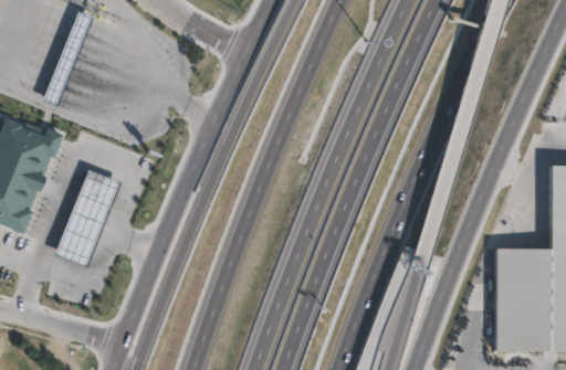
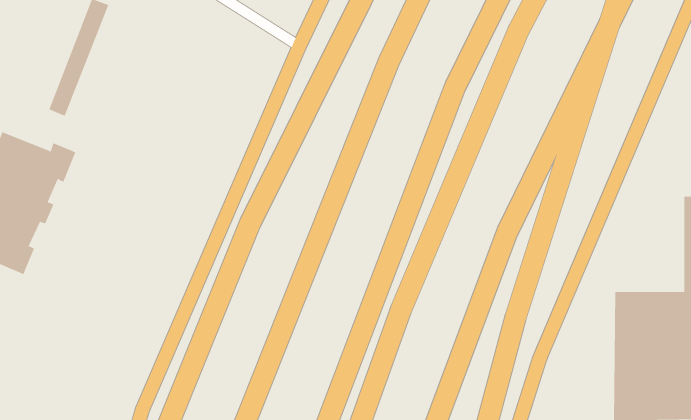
building: [54,171,119,268] -> none

